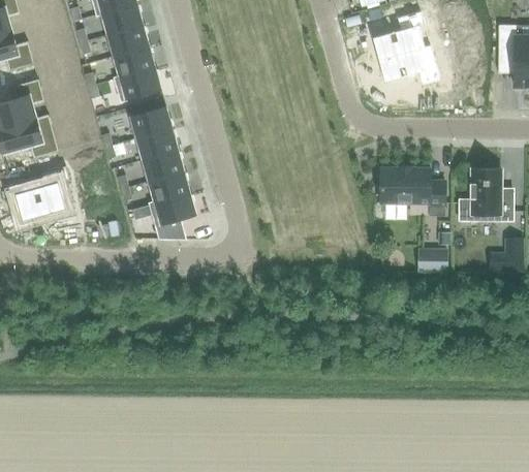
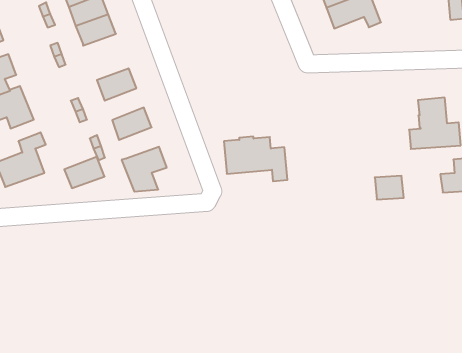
building: [114,68,161,101] -> none
building: [136,128,178,160] -> none
building: [380,166,444,216] -> [224,137,287,181]
building: [148,171,190,202] -> [64,157,105,188]

